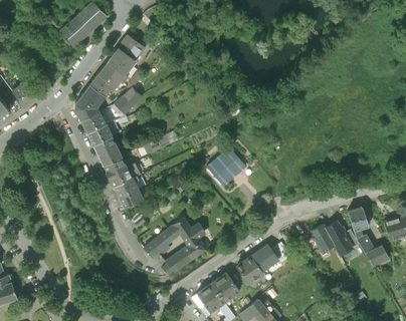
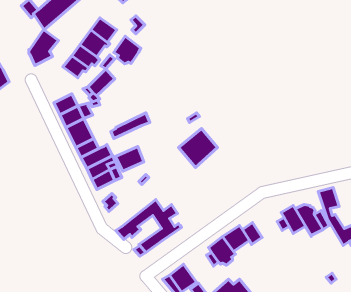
building: none -> [114,36,141,64]
building: [74,84,105,120] -> [29,30,59,66]
building: none -> [116,147,144,171]
building: [211,273,239,301] -> none

